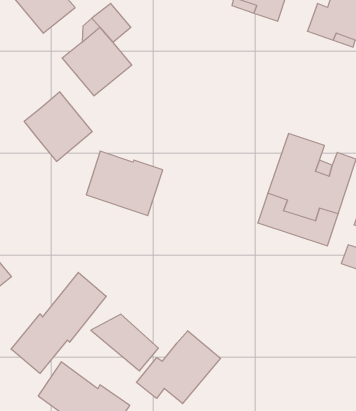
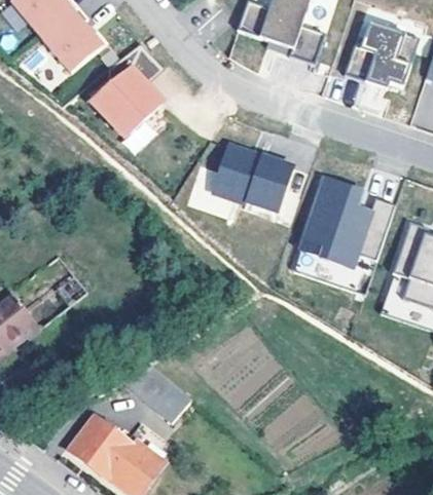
building: [24,92,92,161] -> none
building: [86,151,163,216] -> [213,145,292,212]
building: [11,272,106,373] -> none
building: [136,331,221,404] -> none

